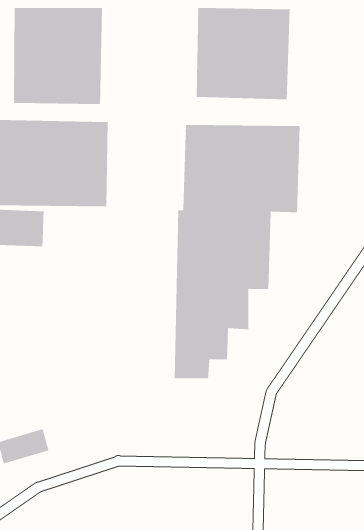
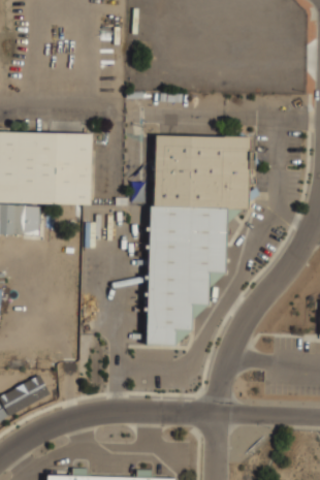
building: [13,7,103,105] -> none
building: [196,7,290,100] -> none

